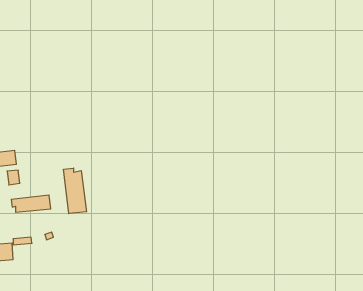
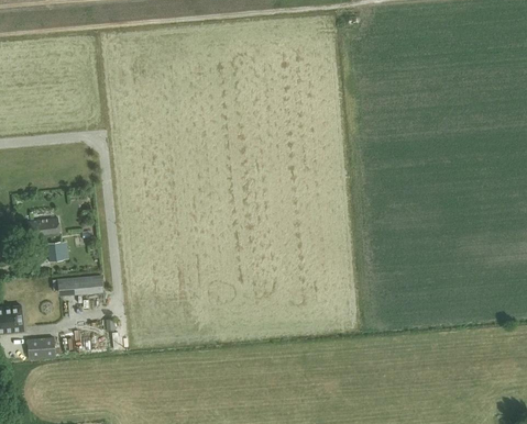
building: [64,168,87,214] -> none

